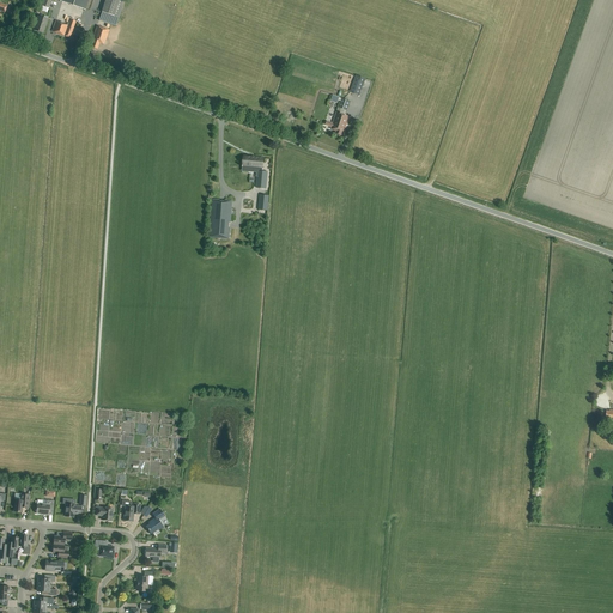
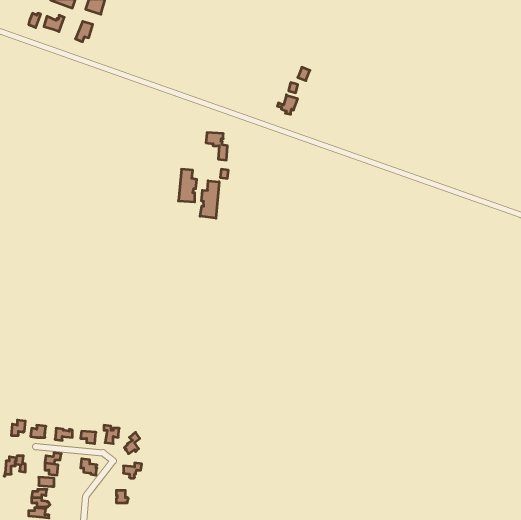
building: none -> [200,181,219,218]

